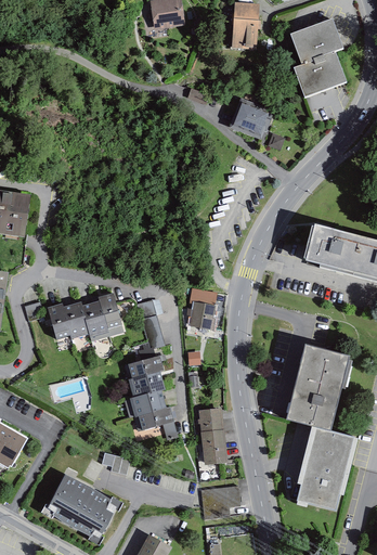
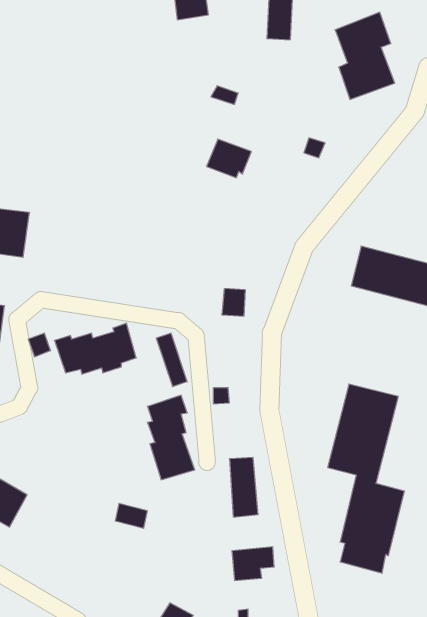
building: [233,100,272,133] -> [207,139,251,178]
building: [192,301,212,325] -> [222,289,245,316]
building: [42,470,117,539] -> none

